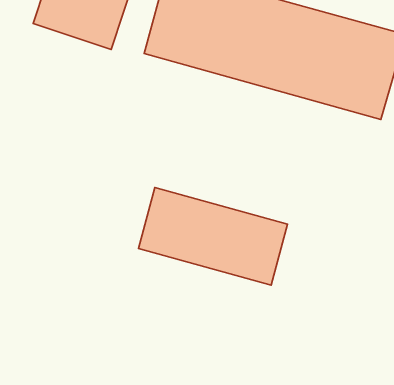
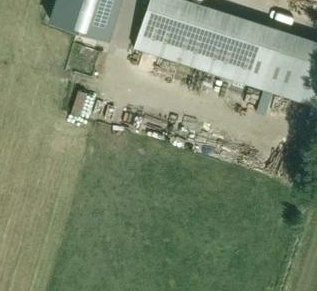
building: [139,188,288,285] -> none

